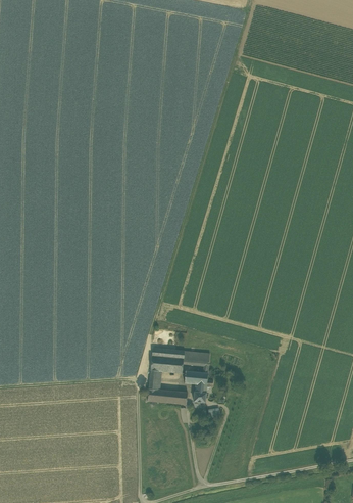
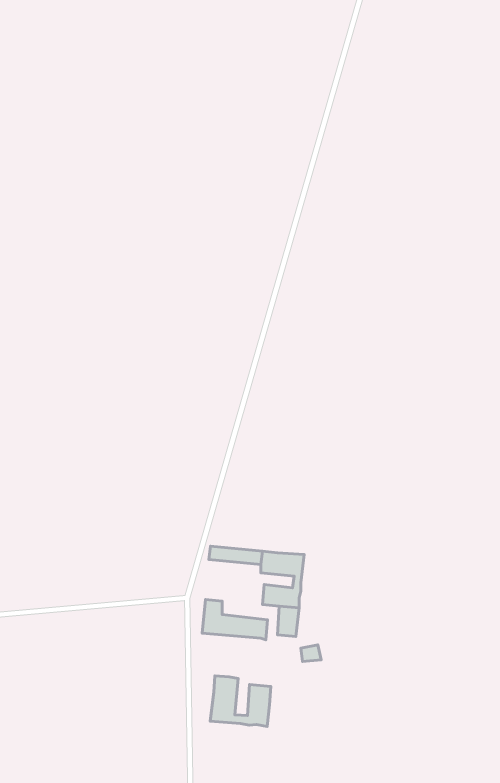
building: [150,358,184,378] -> none
building: none -> [210,676,271,727]

